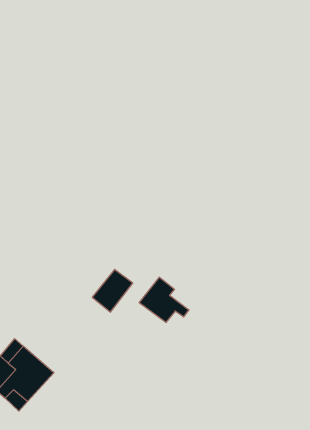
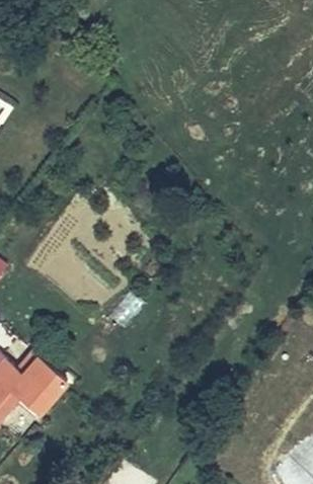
building: [139,277,189,322] -> none

